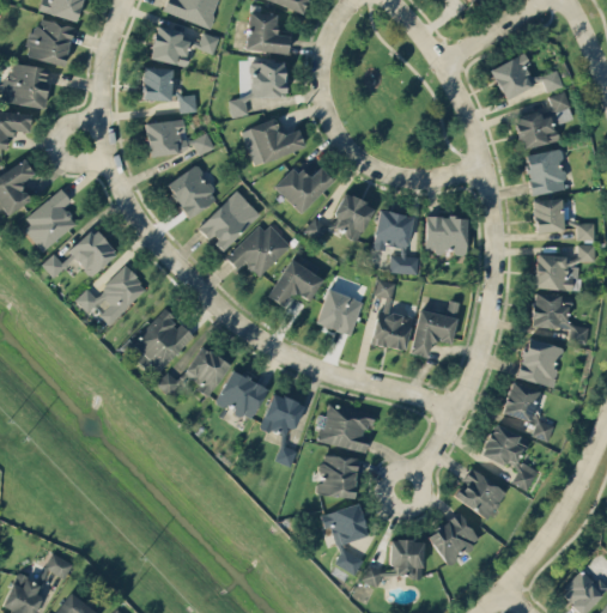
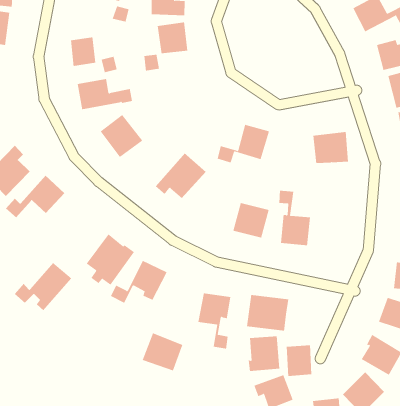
building: [151,29,193,66] -> none
building: [250,119,305,163] -> none
building: [275,166,335,213] -> none
building: [199,190,261,251] -> none
building: [375,211,420,274] -> none
building: [268,257,323,305] -> none
building: [75,266,148,324] -> [14,262,72,311]
building: [411,310,457,357] -> none
building: [216,369,268,419] -> [142,332,183,371]
building: none -> [286,344,312,377]

